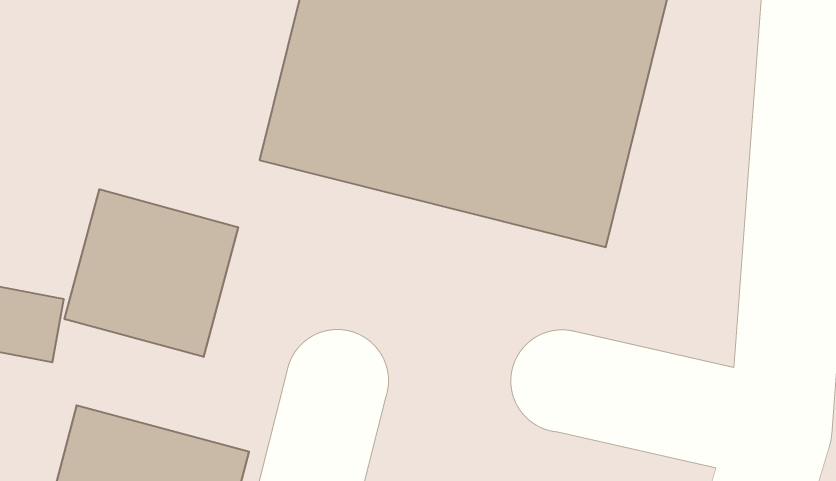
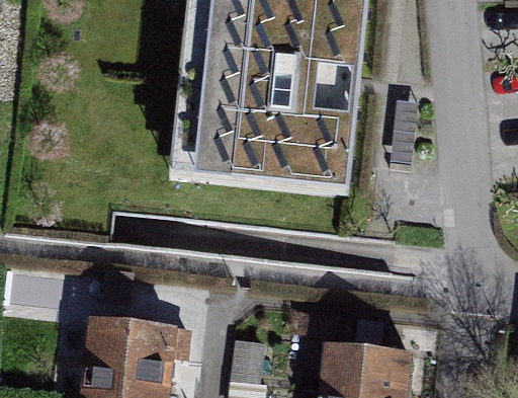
building: [65,189,238,357] -> none

